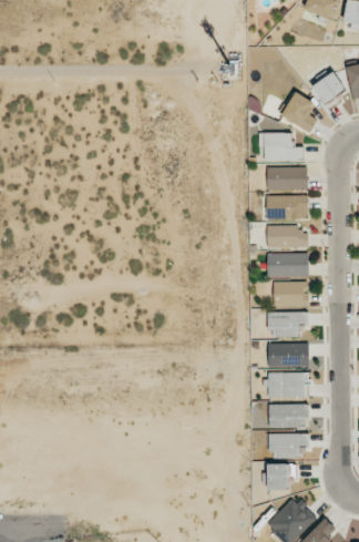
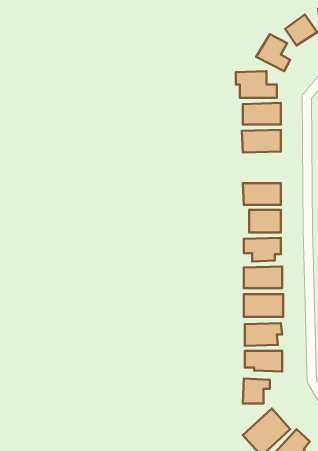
building: [267,225,308,247] -> none

